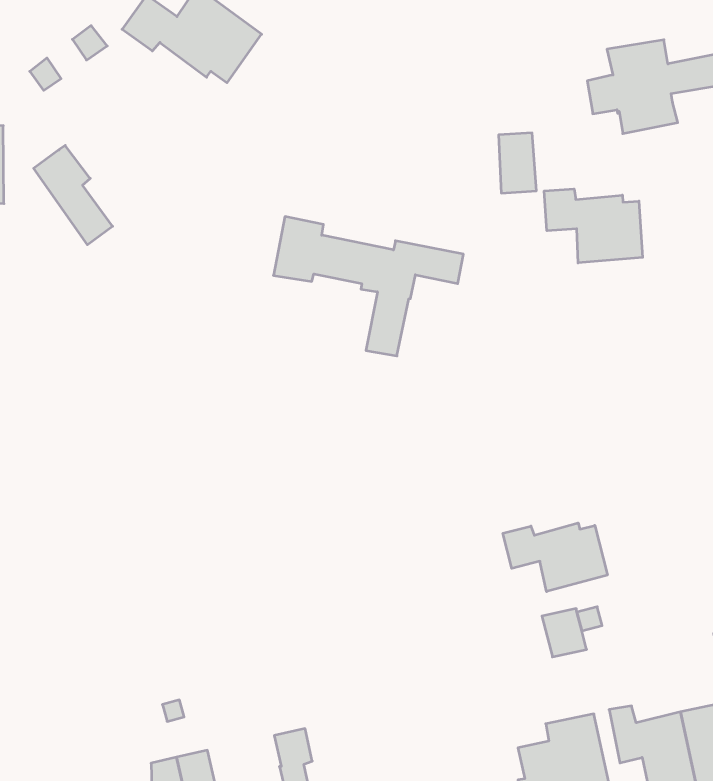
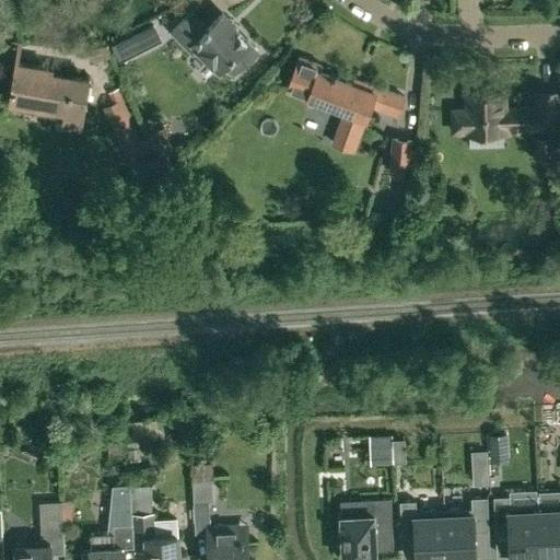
building: [544,189,643,263] -> none
building: [273,217,463,356] -> [284,59,404,156]
building: [503,523,607,592] -> none

